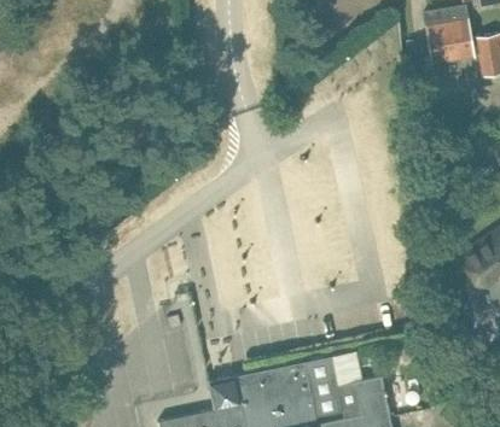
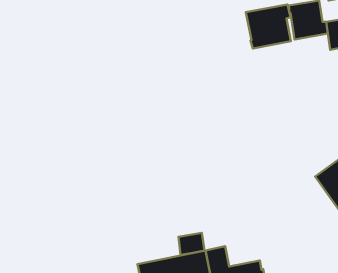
building: none -> [246,5,291,49]
building: none -> [178,233,205,255]

